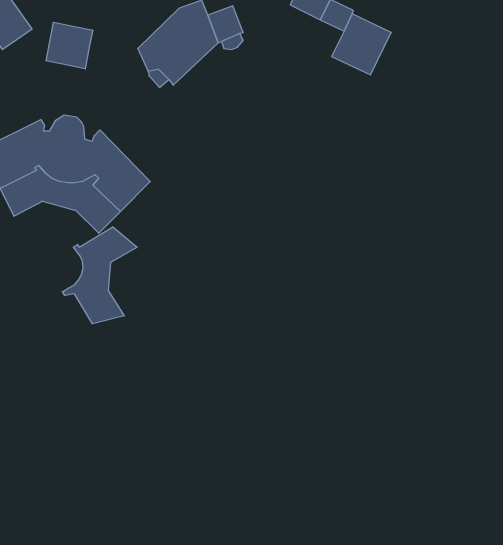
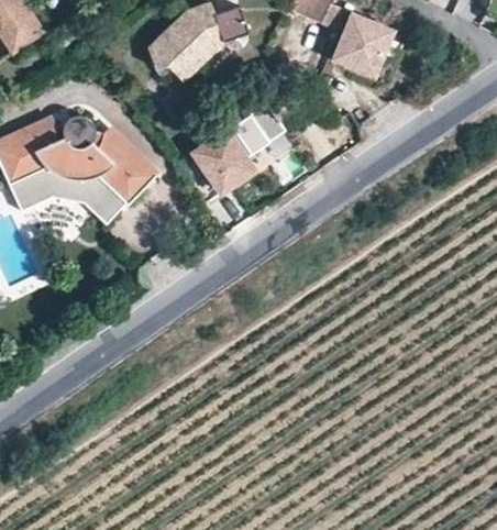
building: [46,22,93,69] -> none
building: none -> [195,103,287,192]
building: [62,227,137,324] -> none

